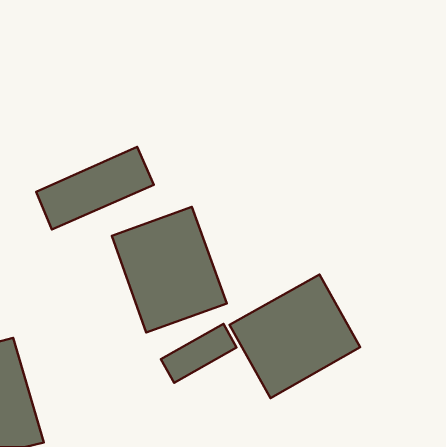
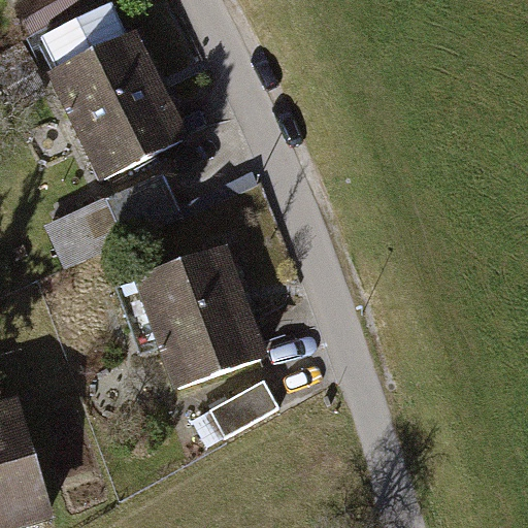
building: none -> [44,28,189,180]
building: [229,274,360,398] -> none

